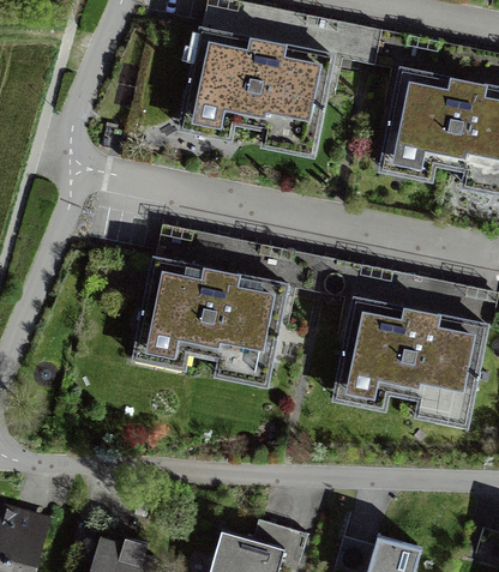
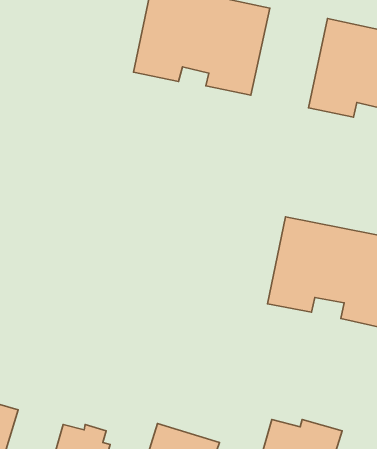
building: [136,257,290,385] -> none

